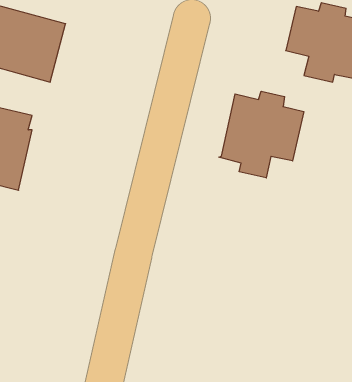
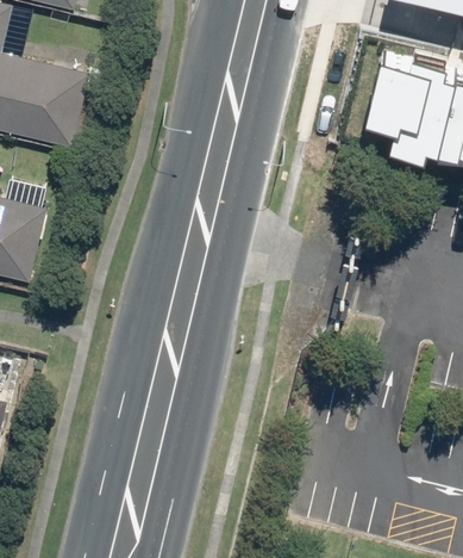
building: [219,91,304,178] -> none

